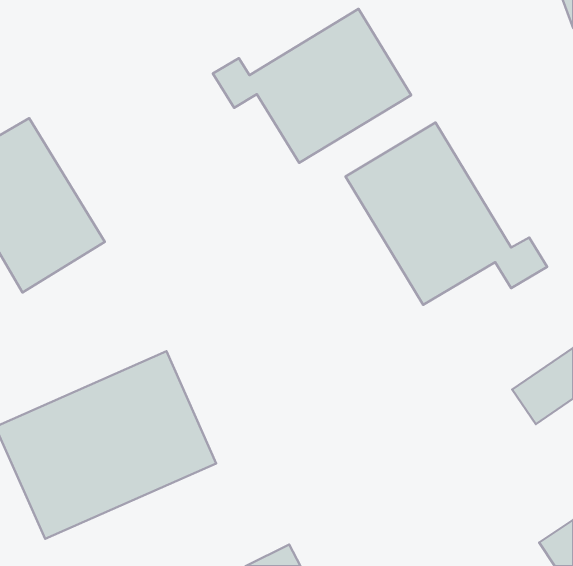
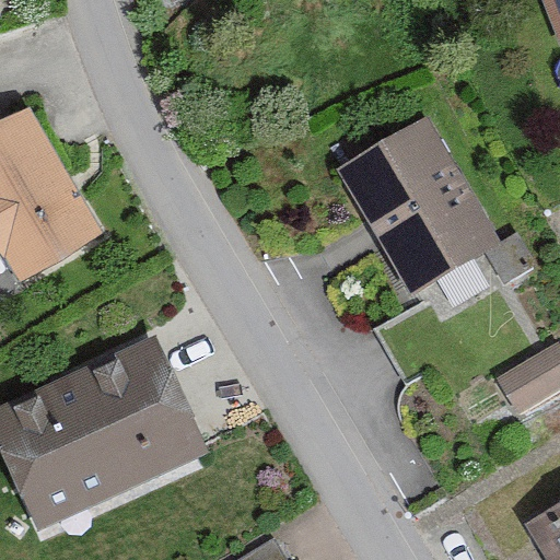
building: [213,9,411,163] -> none

